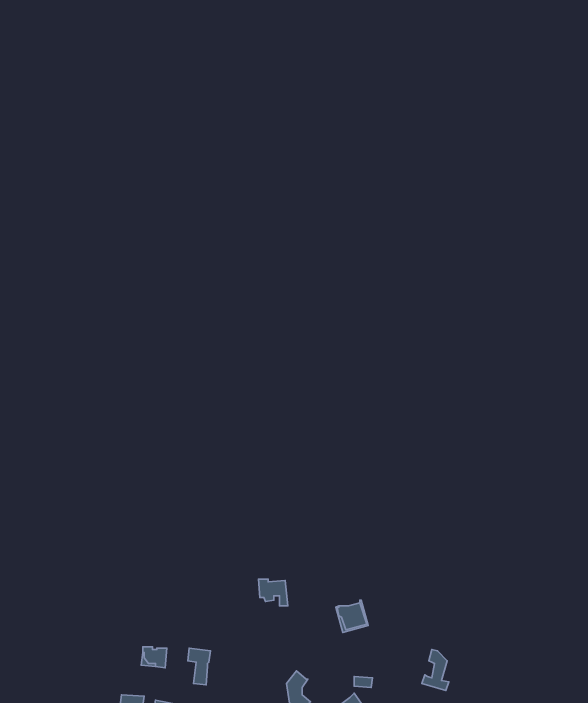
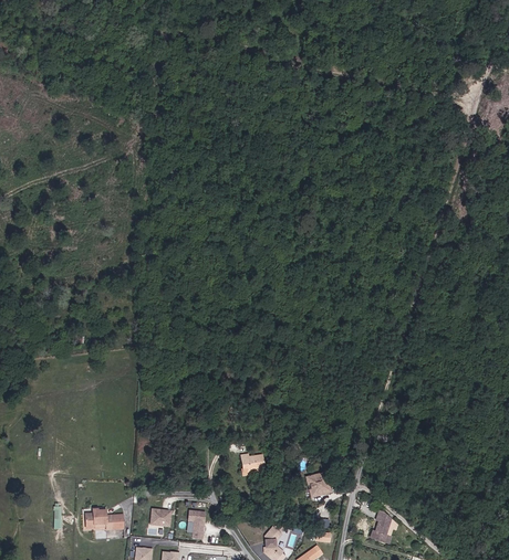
building: none -> [86,514,125,529]

